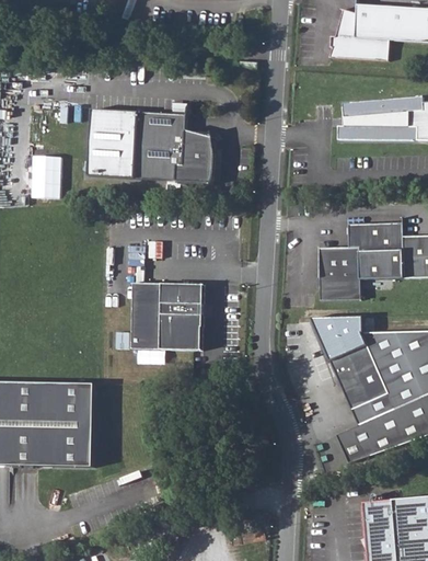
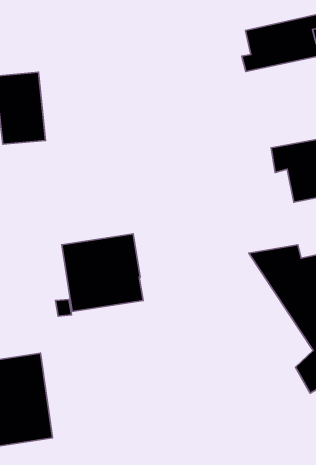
building: [132,112,216,182] -> none
building: [320,245,361,300] -> none

